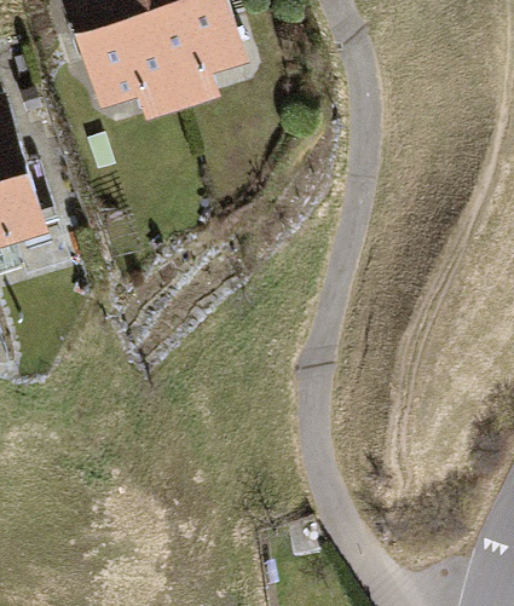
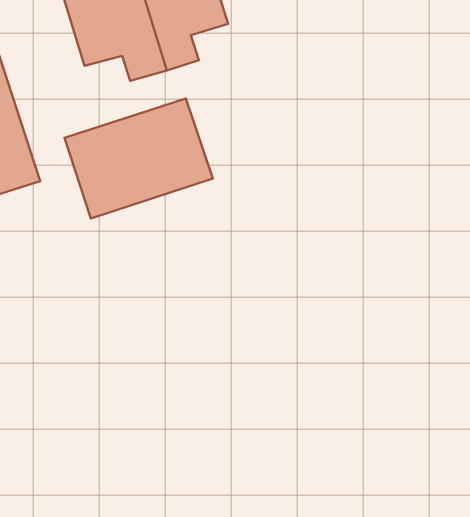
building: none -> [65,99,213,219]

